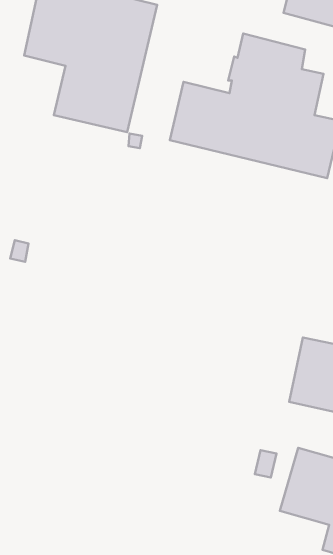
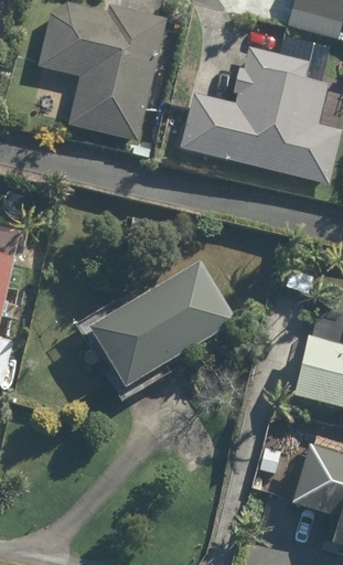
building: none -> [81,256,231,386]

